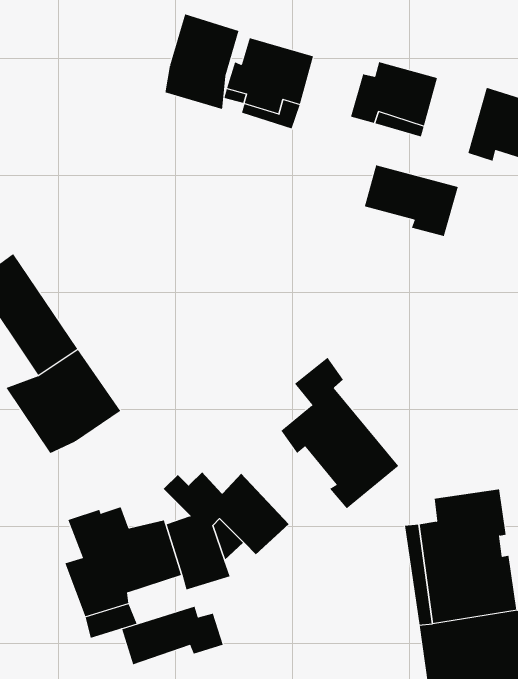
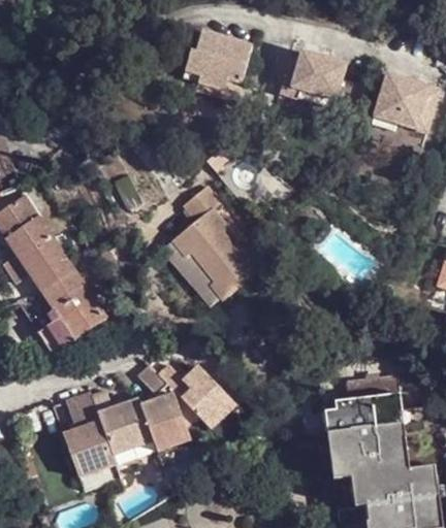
building: [165,13,239,110] -> none
building: [364,165,459,237] -> none
building: [281,357,399,509] -> [171,183,262,299]
building: [121,606,224,665] -> none

